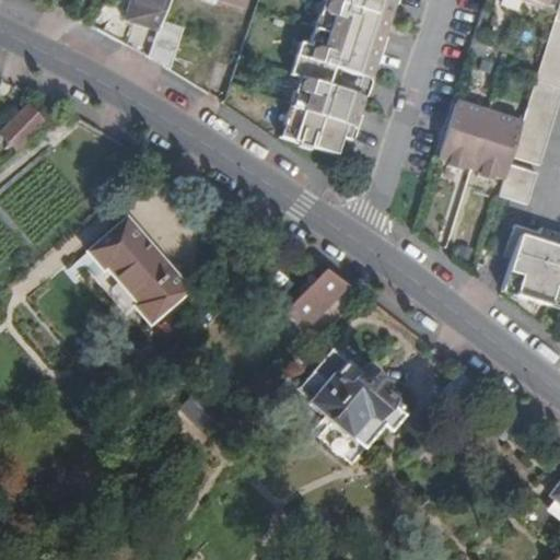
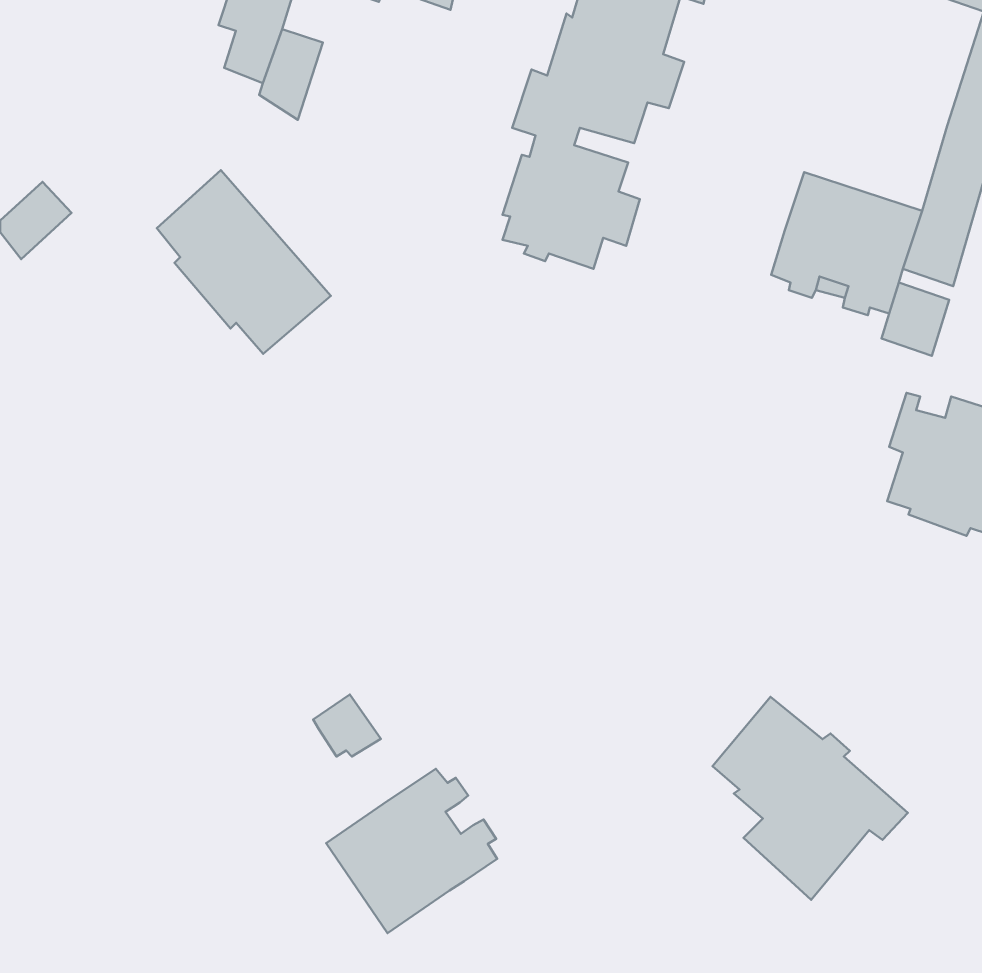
building: [92,214,190,318] -> [157,170,331,354]
building: [285,268,348,325] -> none
building: [299,345,409,459] -> [712,697,908,900]
building: none -> [326,769,497,933]

